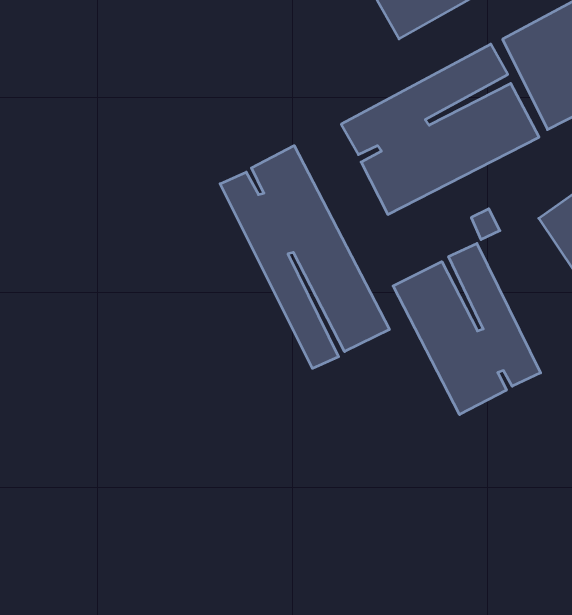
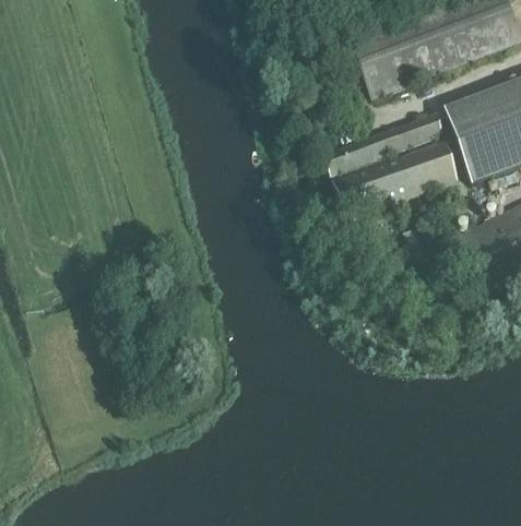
building: [220,146,389,368] -> none
building: [393,243,541,415] -> none

